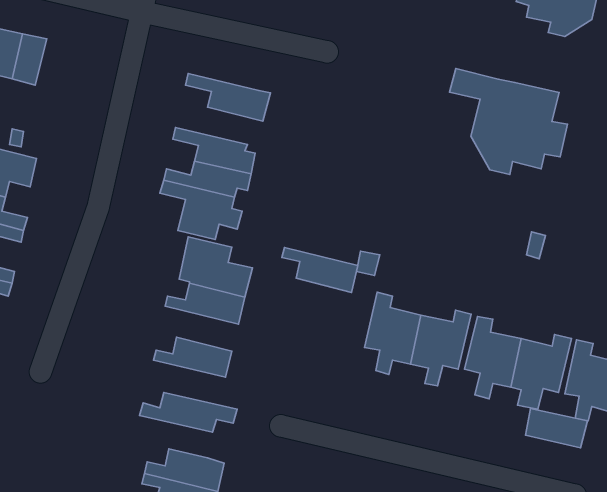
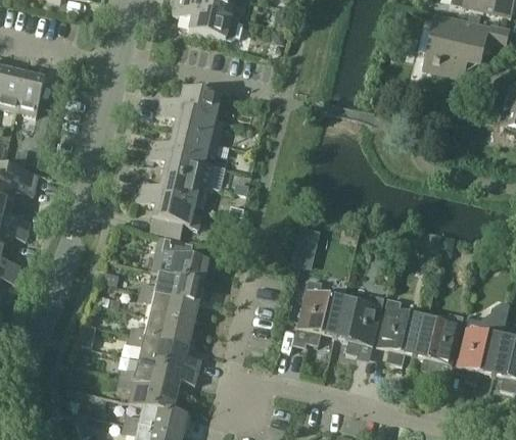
building: none -> [158,88,221,118]
building: [450,68,567,174] -> none
building: none -> [148,132,218,161]
building: [282,247,358,292] -> [138,290,198,326]
building: none -> [129,333,200,372]
building: [526,409,588,448] -> none
building: none -> [119,377,178,410]

